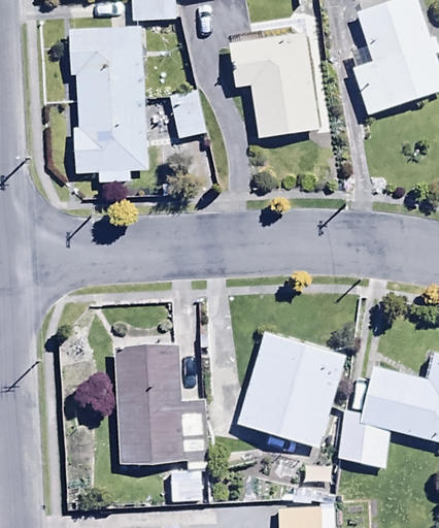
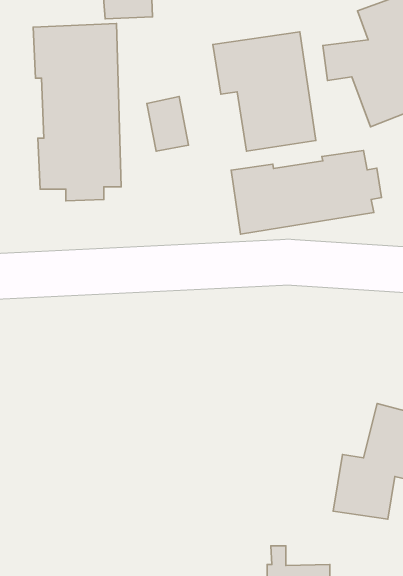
building: none -> [231,151,381,234]
building: [238,332,346,463] -> none
building: [114,346,209,470] -> none

